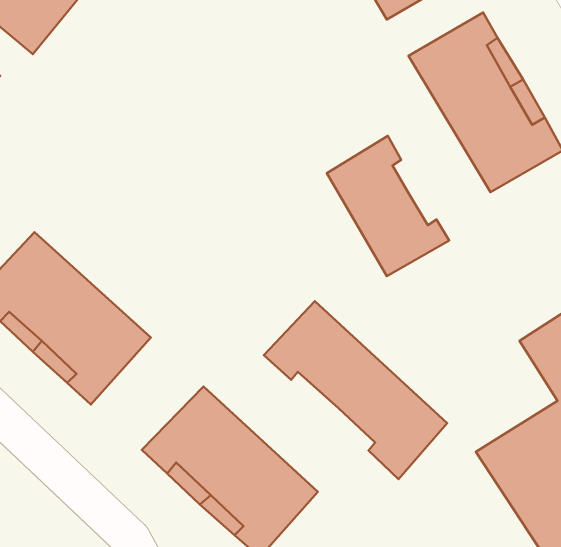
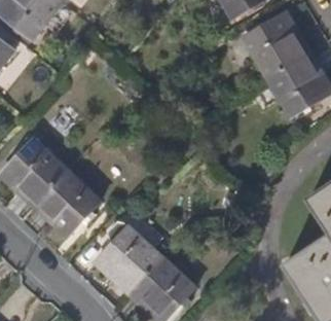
building: [327,136,449,276] -> none
building: [264,301,447,479] -> none

